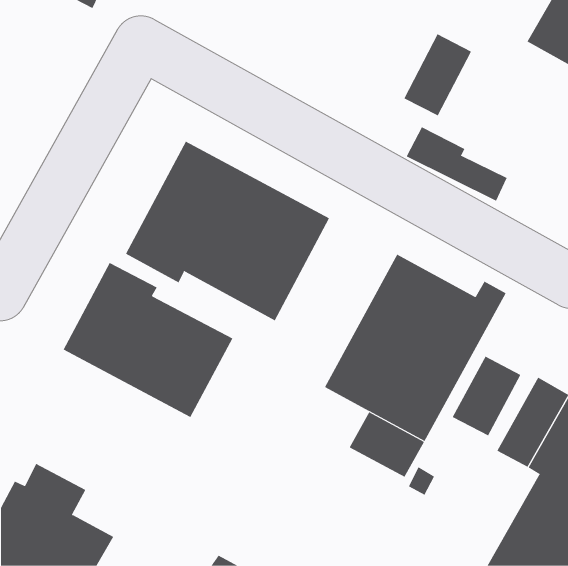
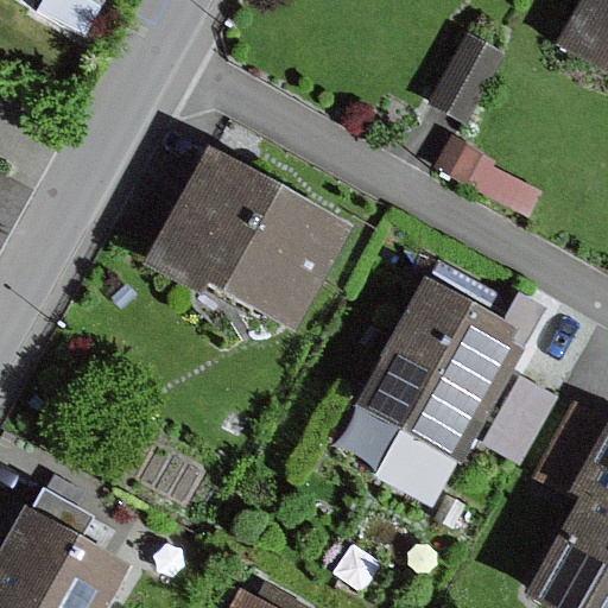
building: [63,262,233,418] -> none

